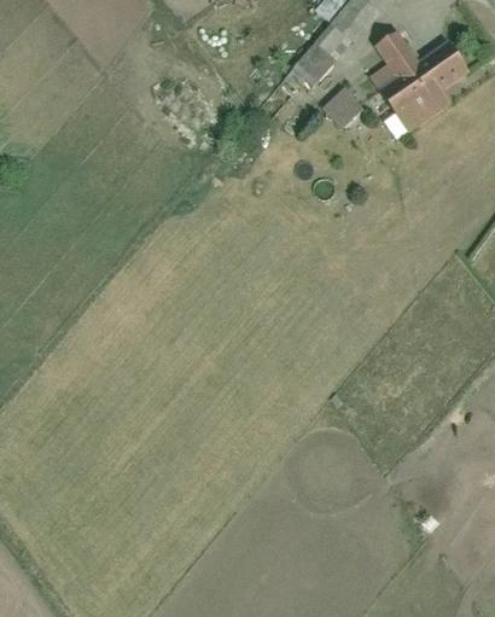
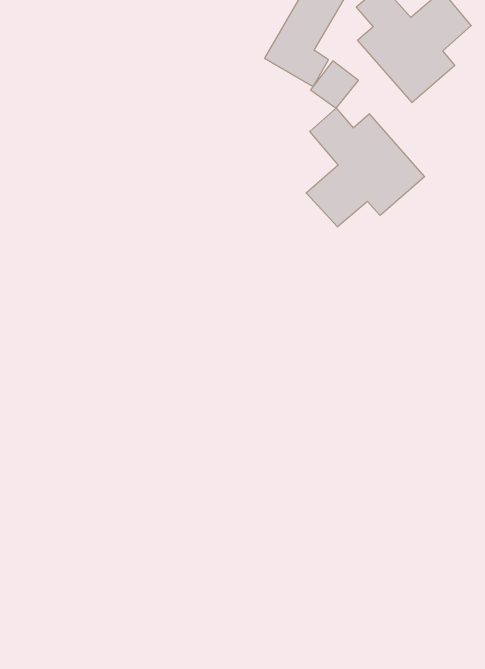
building: none -> [306,108,424,227]

